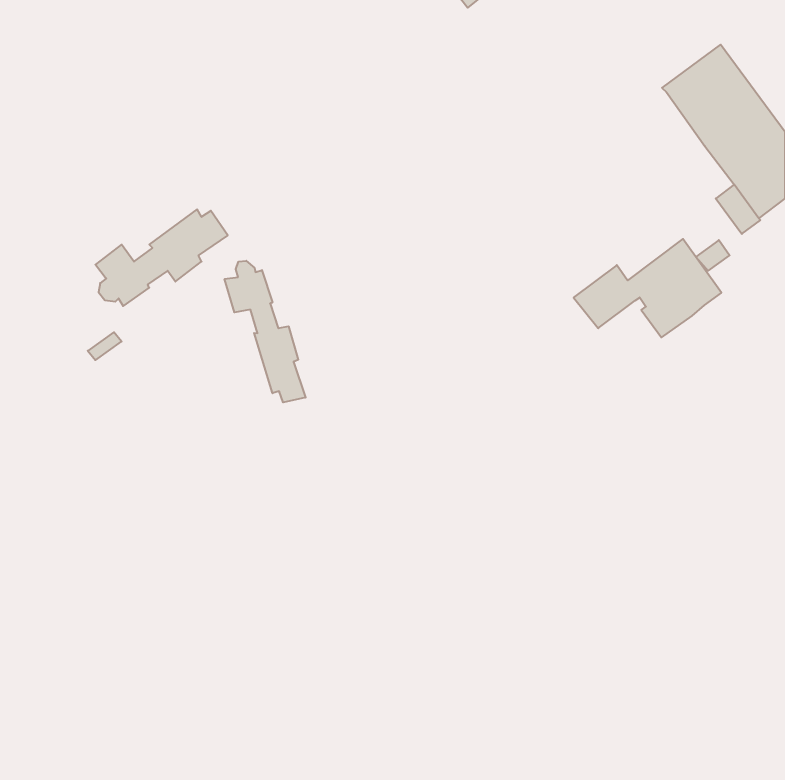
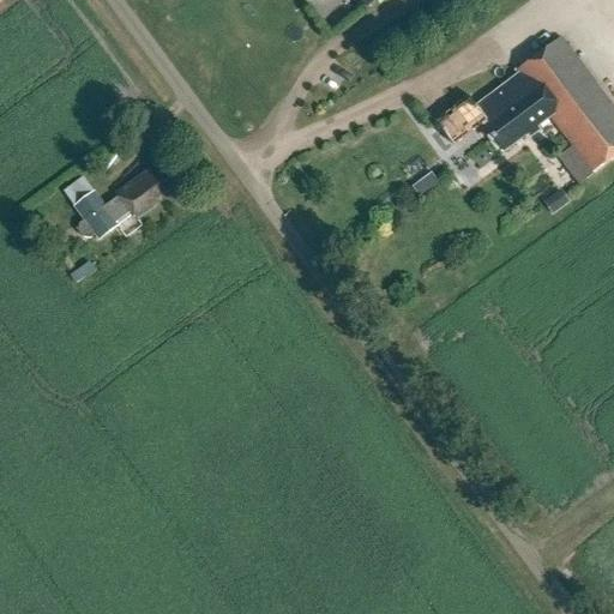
building: [574,239,721,337] -> [434,72,549,149]
building: [225,261,306,402] -> none

